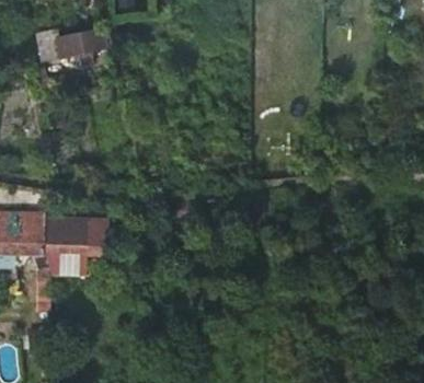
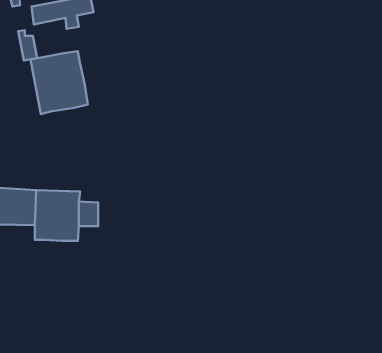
building: none -> [31,51,88,114]

